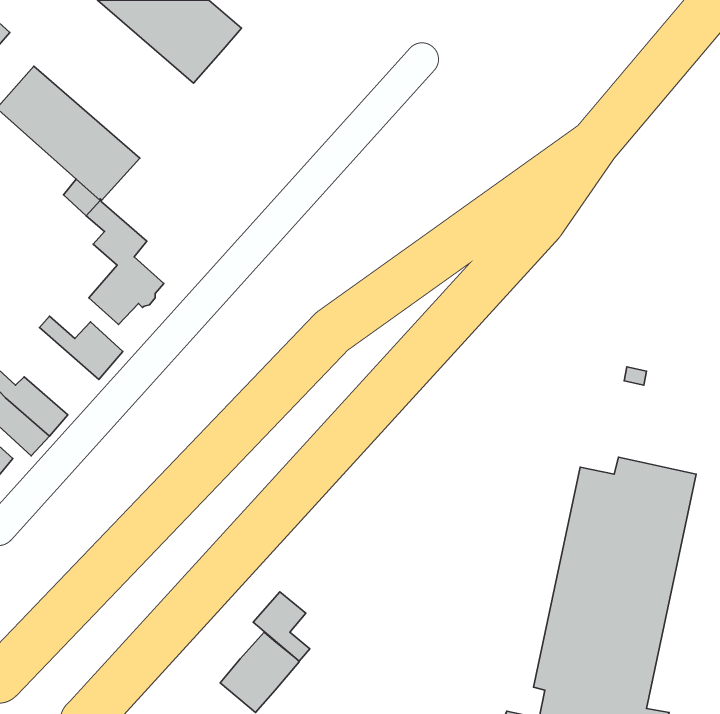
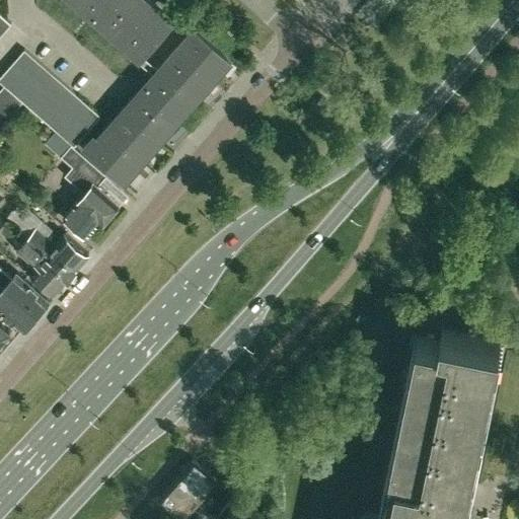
building: none -> [81,30,231,188]
building: none -> [16,240,71,297]
building: [253,592,310,661] -> none

